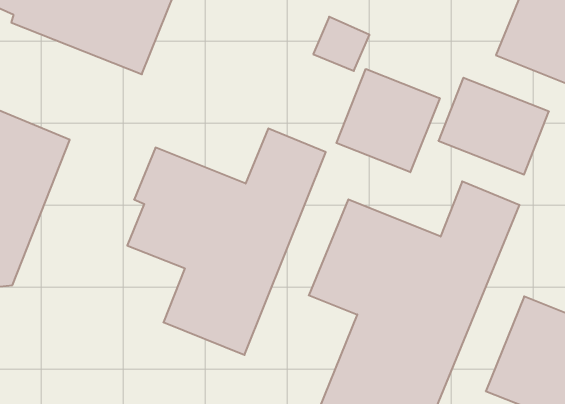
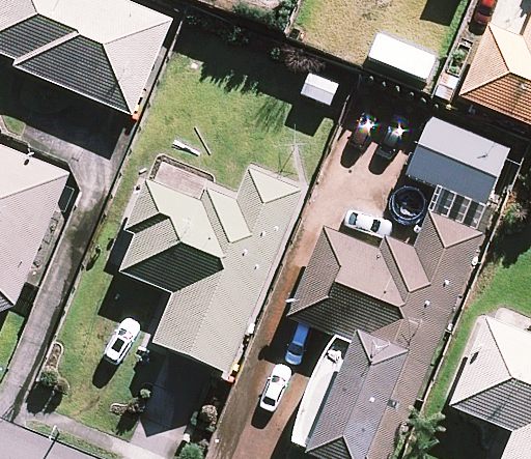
building: [336,69,440,172] -> none

